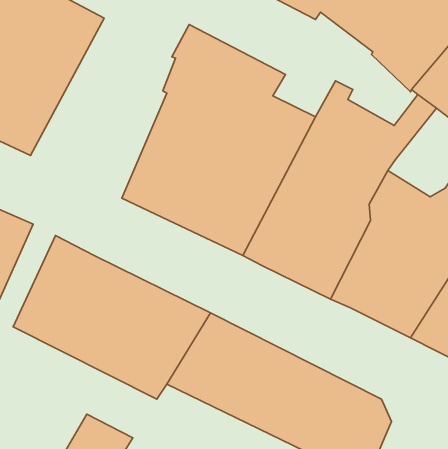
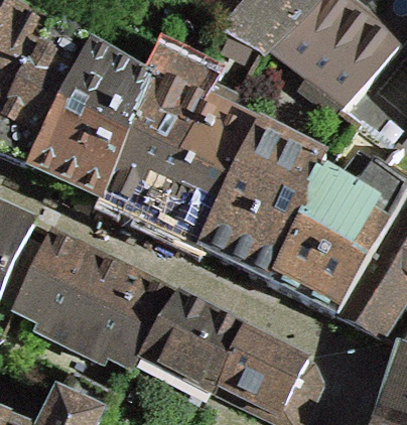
building: none -> [30,51,147,196]

